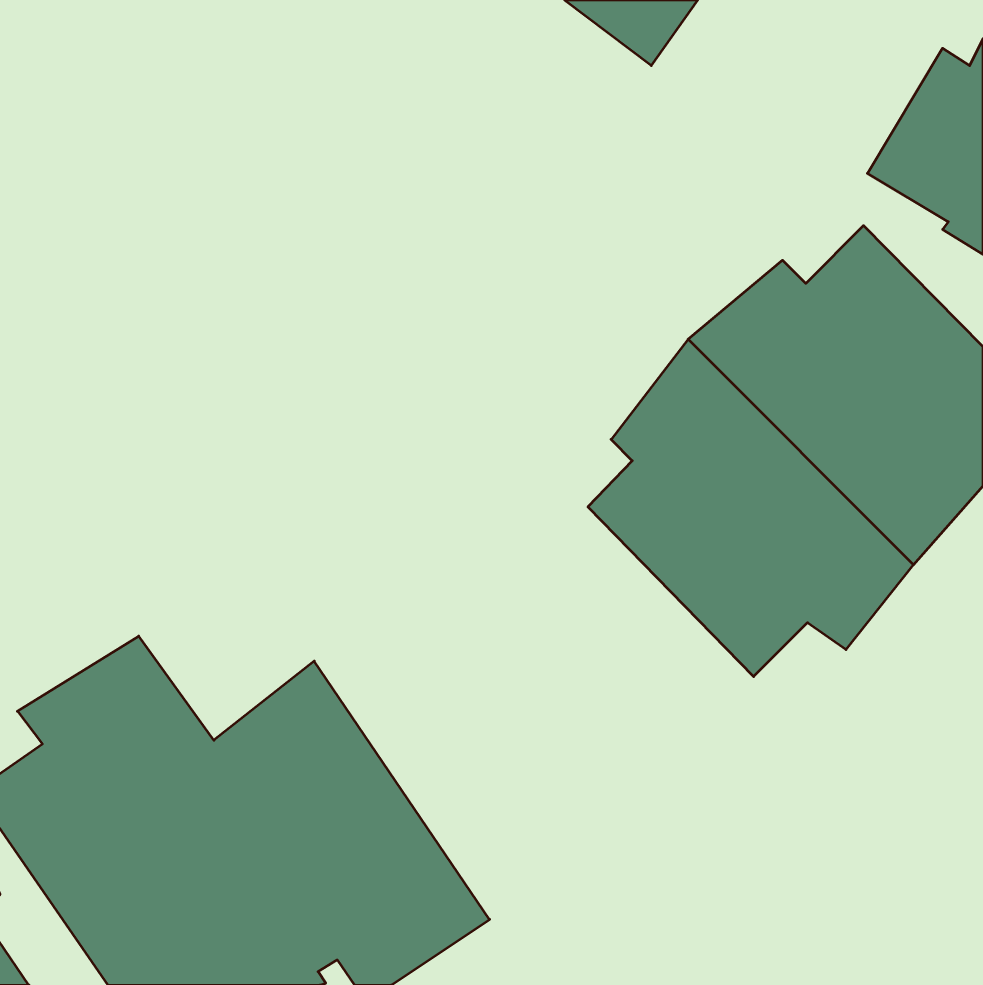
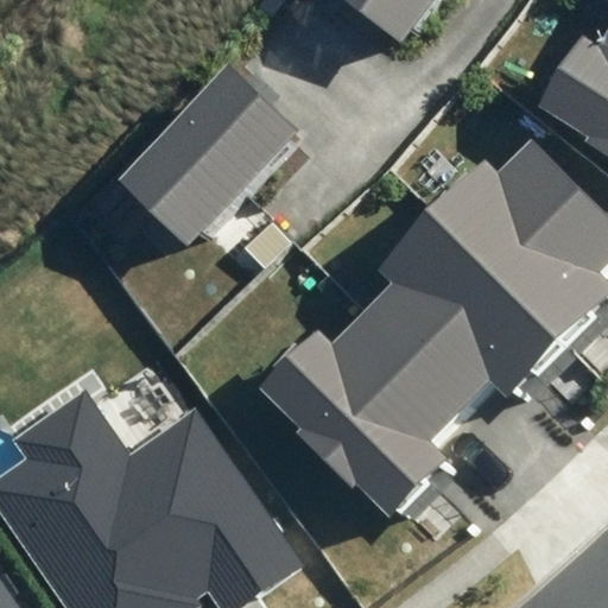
building: none -> [116,65,303,252]
building: none -> [258,312,464,520]

